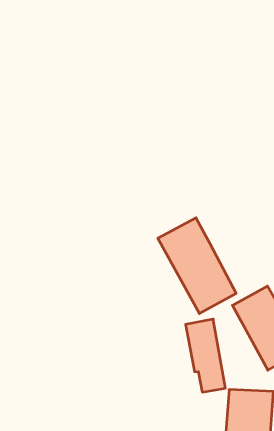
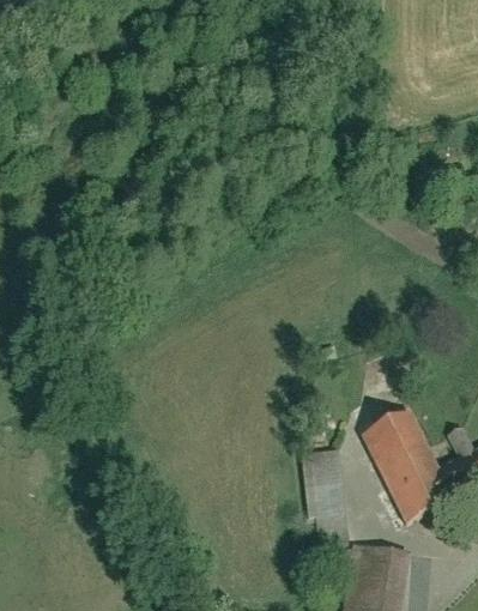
building: [158,218,236,314] -> none

